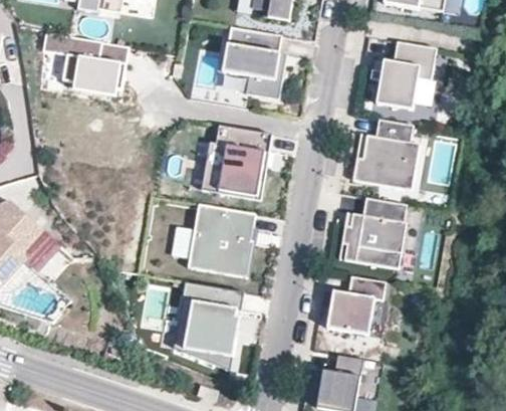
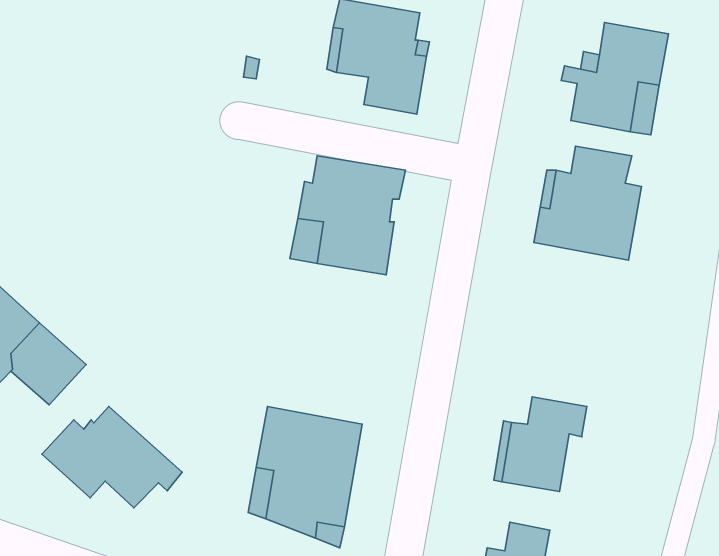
building: [41,37,123,95] -> none
building: [340,197,406,269] -> none
building: [187,204,255,278] -> none
building: none -> [42,406,182,508]

